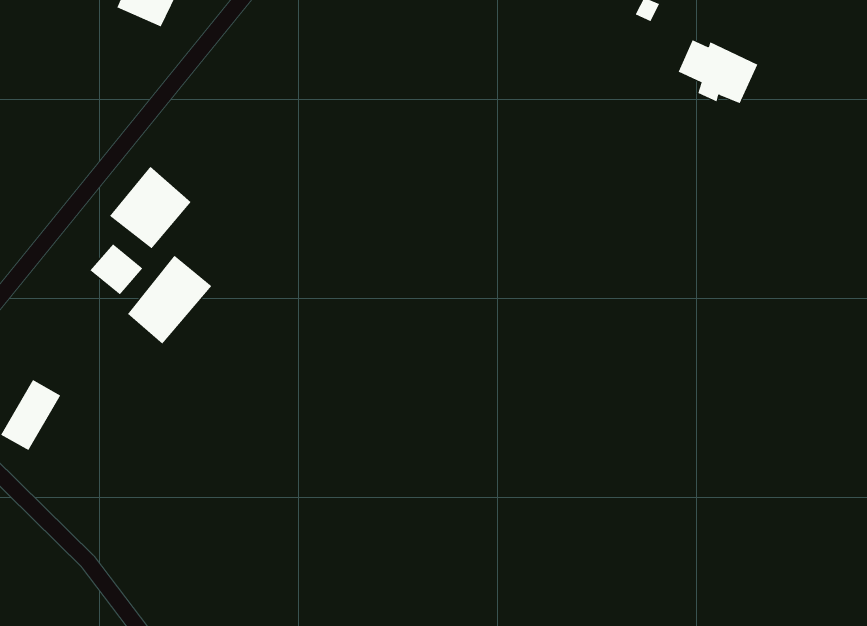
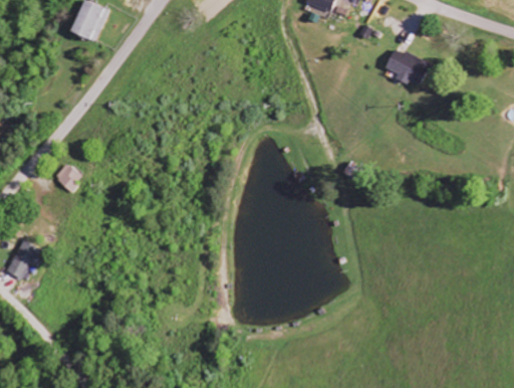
building: [109,166,192,249] -> none
building: [127,255,212,344] -> none

